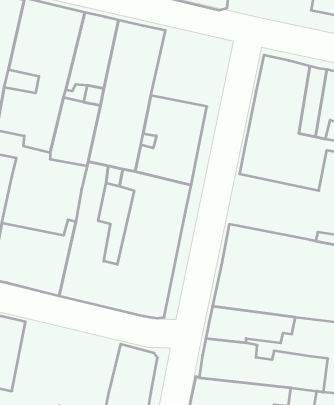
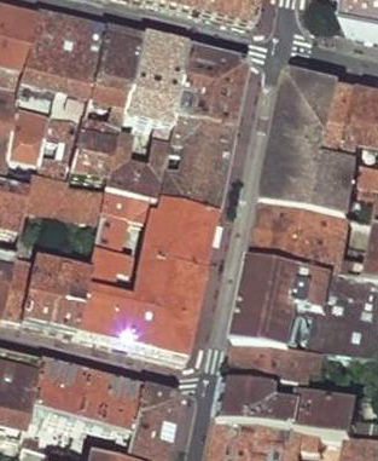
building: none -> [169,44,242,126]
building: none -> [19,167,100,215]
building: none -> [254,198,350,270]
building: none -> [18,358,136,440]

